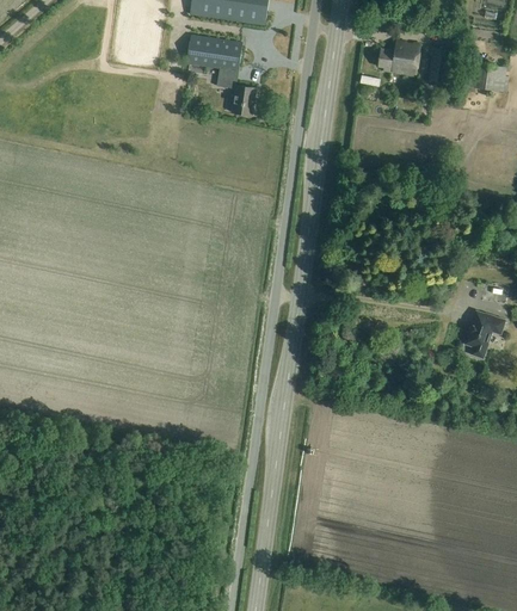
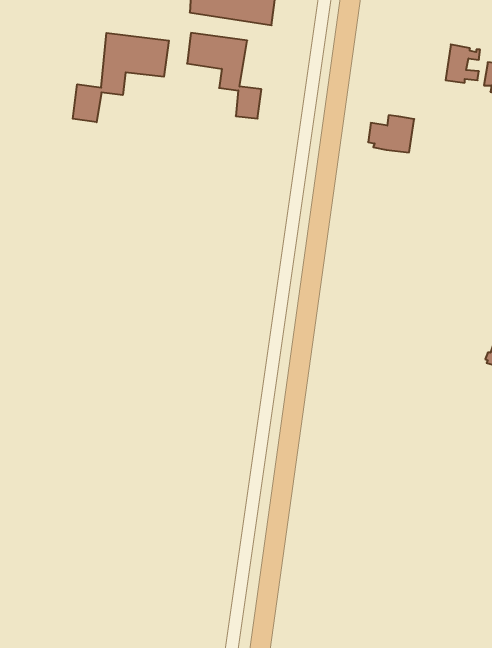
building: none -> [73,33,169,122]
building: [377,41,420,75] -> [368,115,414,152]

